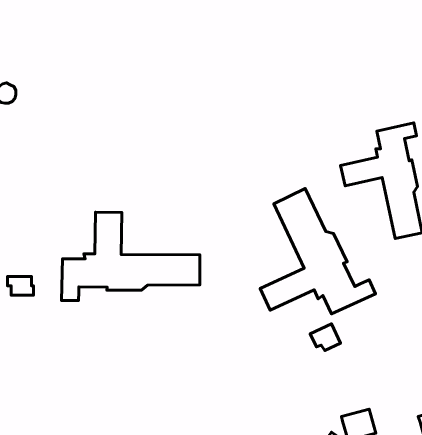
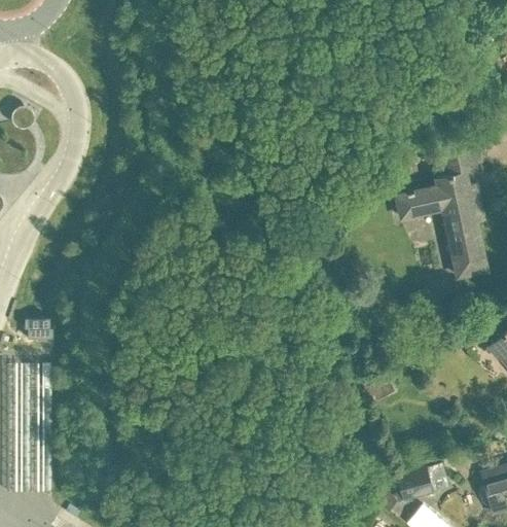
building: [260,189,375,314] -> none
building: [62,212,200,301] -> none

